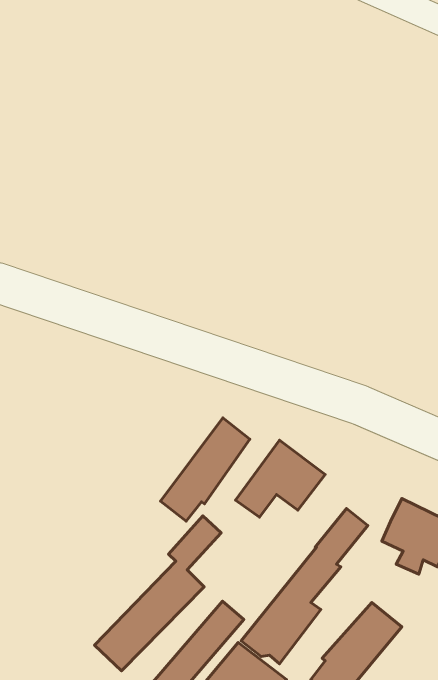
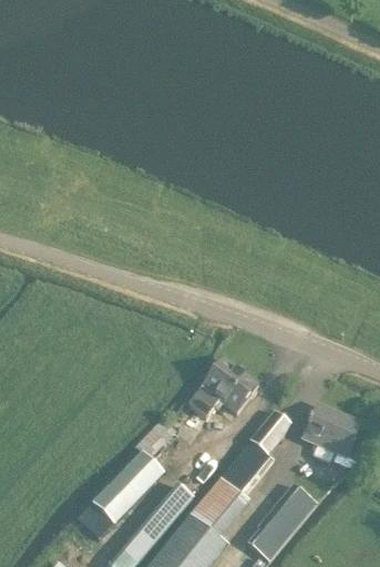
building: [160,418,250,521] -> none

